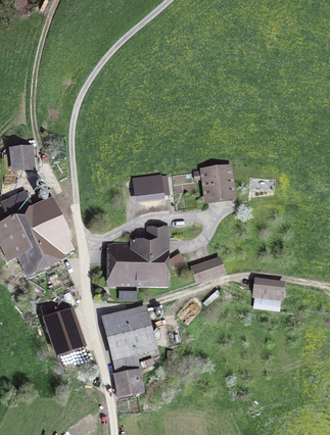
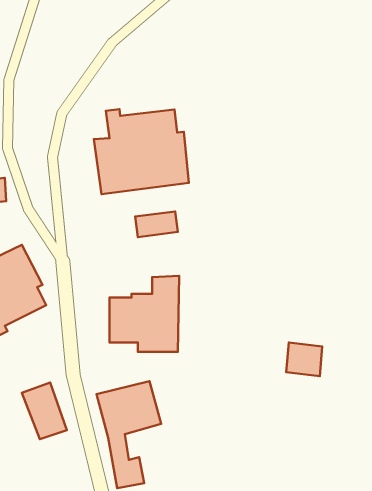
building: none -> [94,109,189,194]
building: [202,165,232,198] -> none
building: [192,256,224,280] -> none

